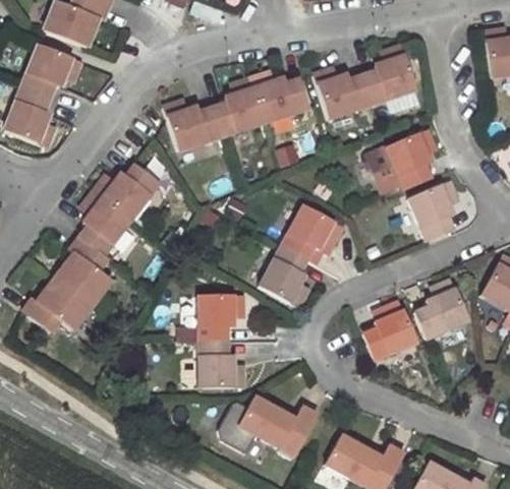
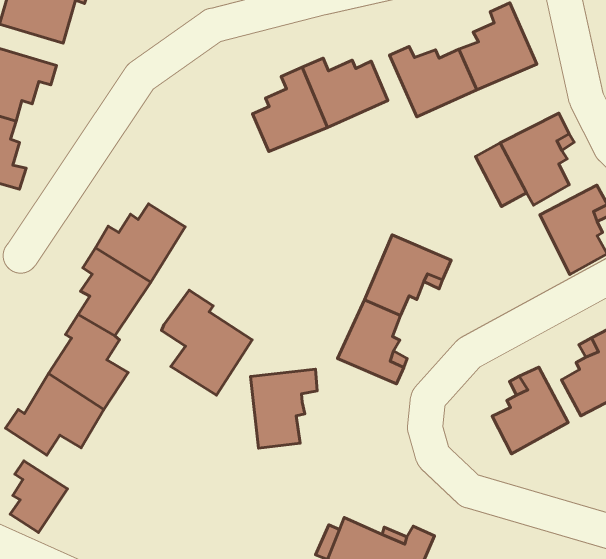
building: [163,103,224,151] -> none
building: none -> [161,290,252,395]
building: none -> [10,461,67,533]
building: [199,342,245,387] -> none

